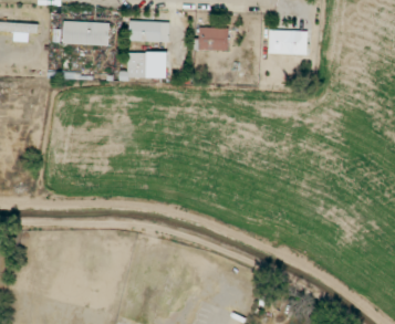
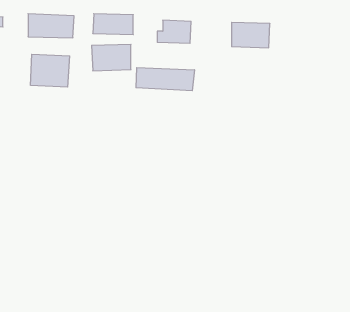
building: none -> [31,54,70,87]
building: none -> [136,68,194,91]

